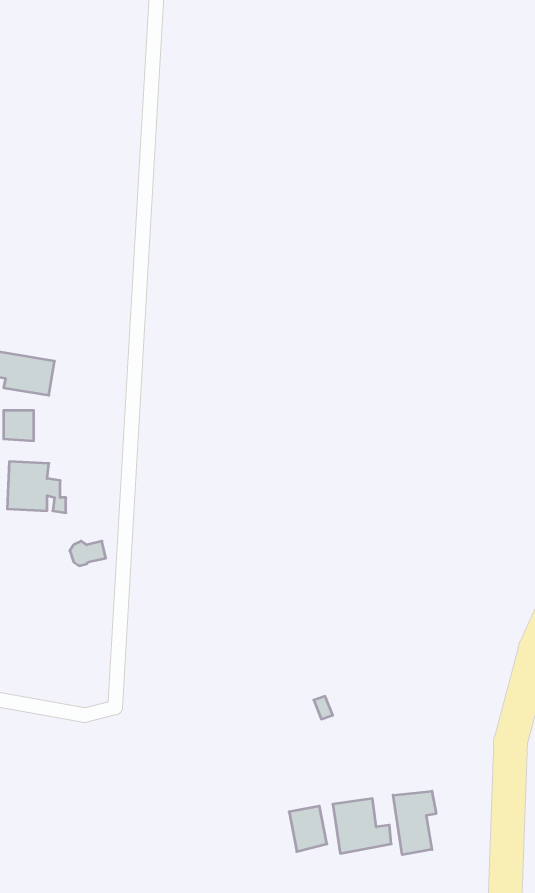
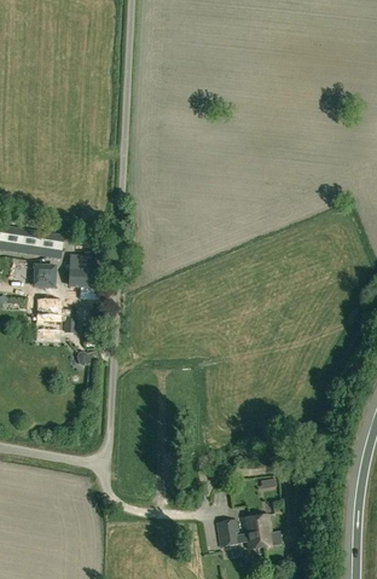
building: none -> [69,260,100,286]
building: [393,791,436,855] -> none

